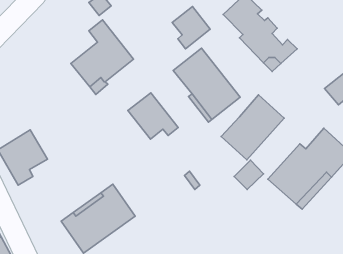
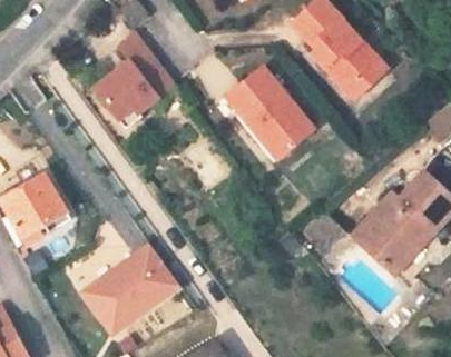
building: [172,6,210,49] -> none
building: [128,93,178,139] -> none
building: [221,95,284,160] -> none

